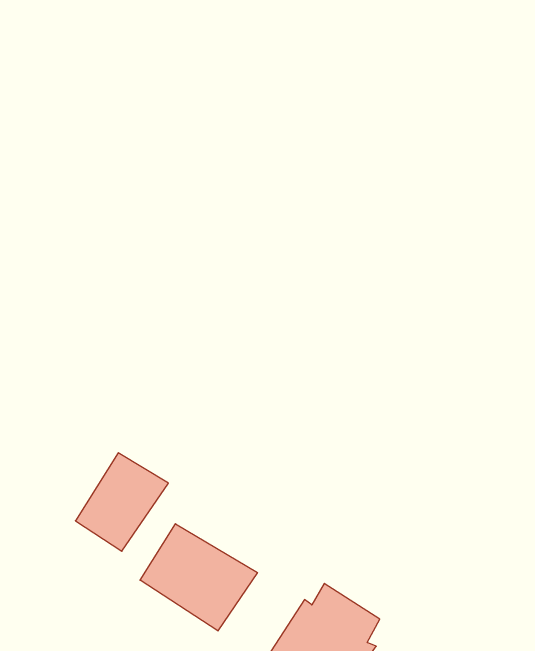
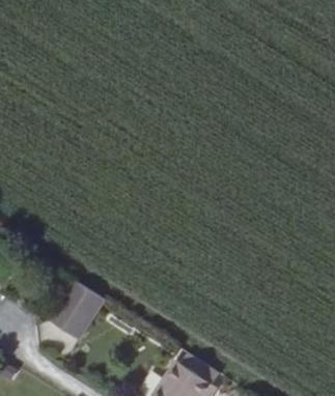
building: [140,524,257,631] -> none

